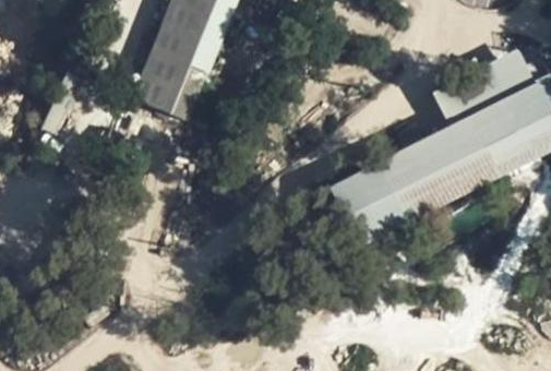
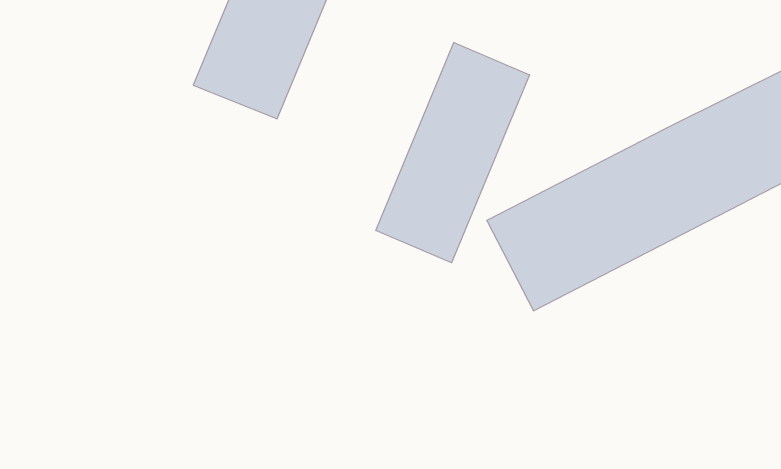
building: none -> [376,42,530,263]

